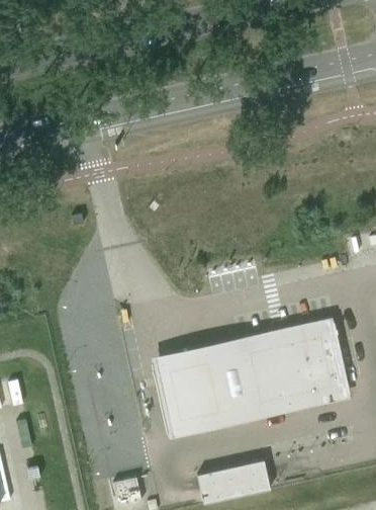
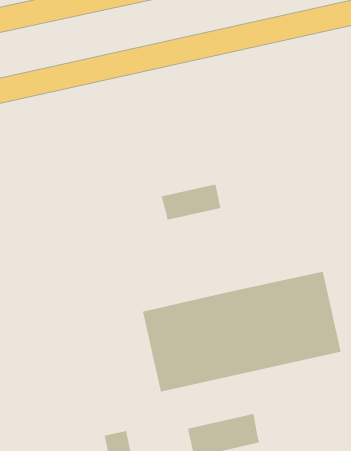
building: none -> [161,184,221,221]

